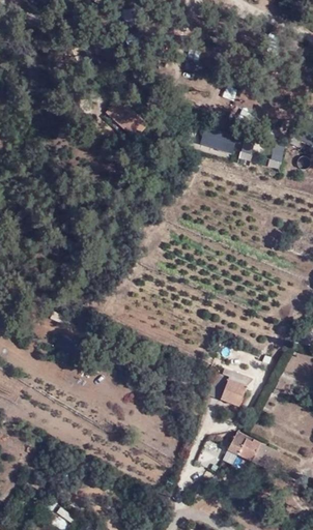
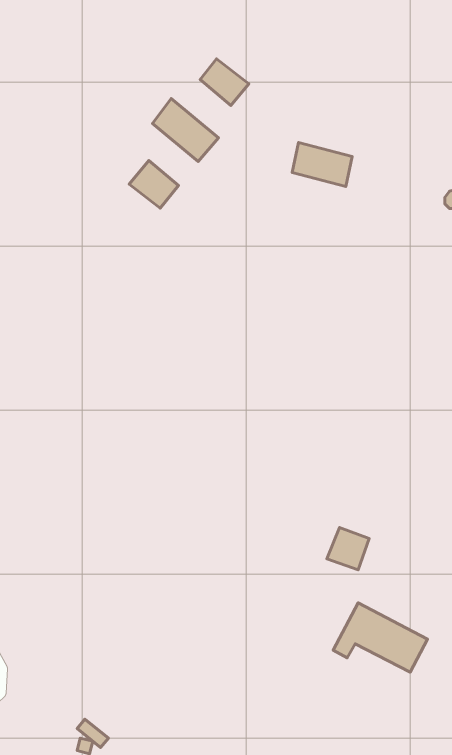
building: none -> [200,59,249,105]
building: none -> [129,161,179,208]

